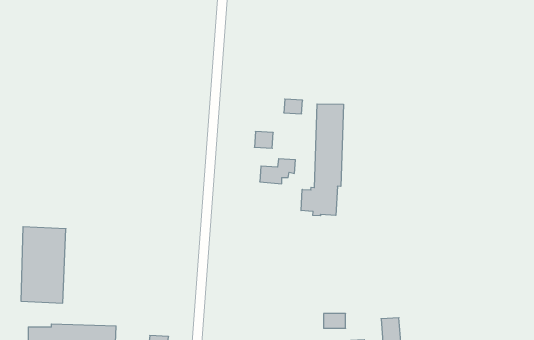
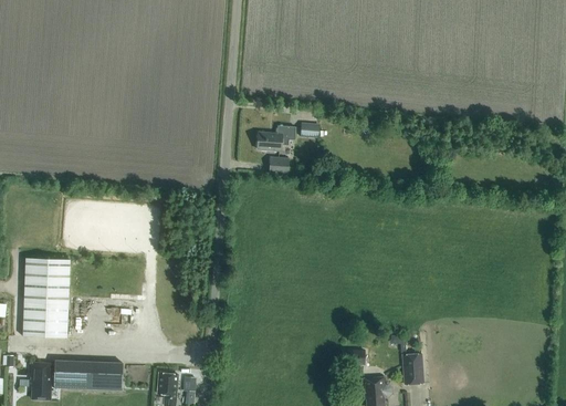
building: [301,104,343,216] -> none
building: [260,159,295,184] -> [259,125,296,152]

